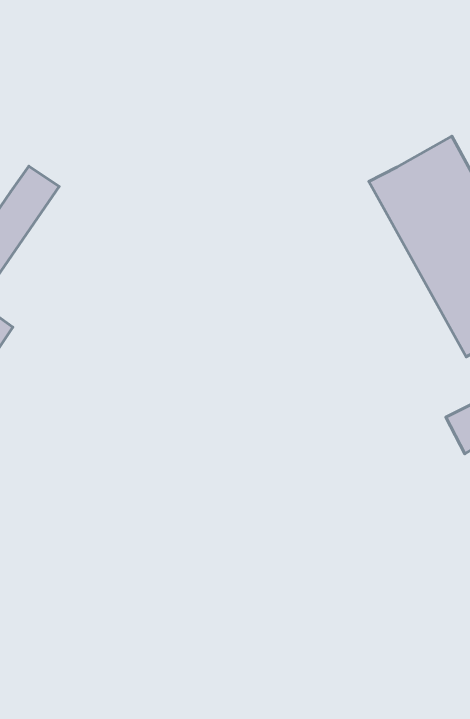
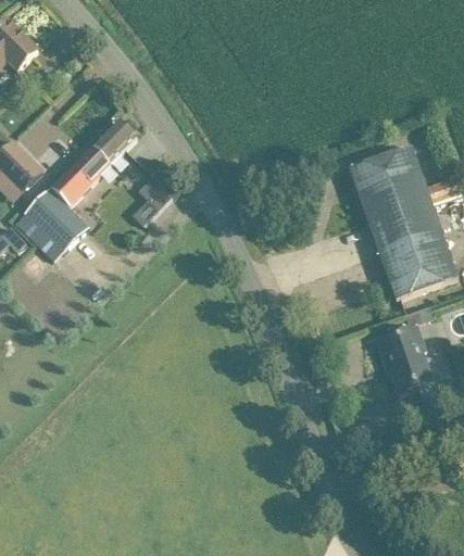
building: none -> [133,175,172,224]

